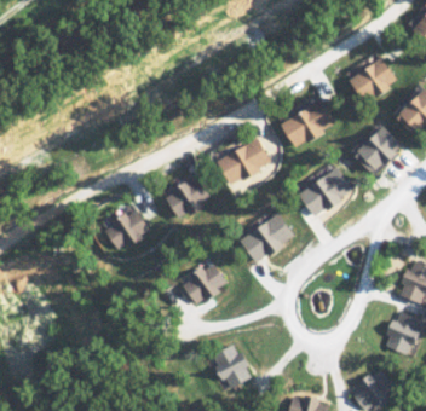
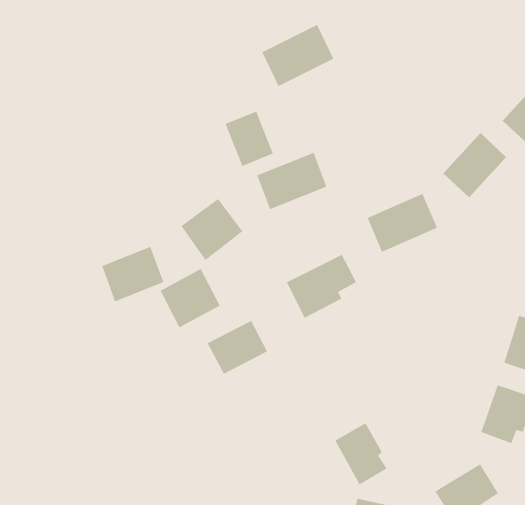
building: [349,59,395,100] -> none
building: [281,100,334,146] -> [262,24,334,87]
building: none -> [225,111,274,167]
building: none -> [160,268,220,328]
building: [211,343,249,389] -> [335,422,387,485]

